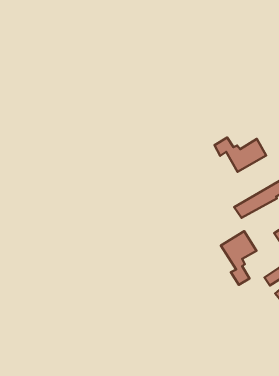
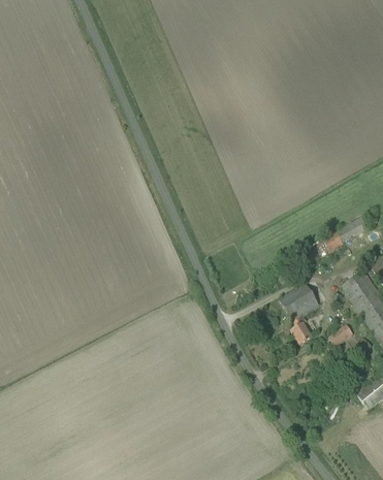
building: [214,137,266,172] -> none

